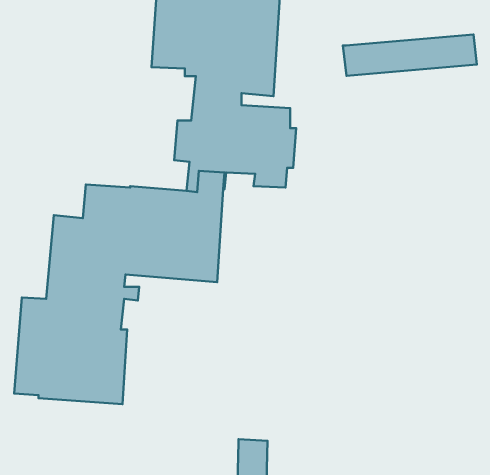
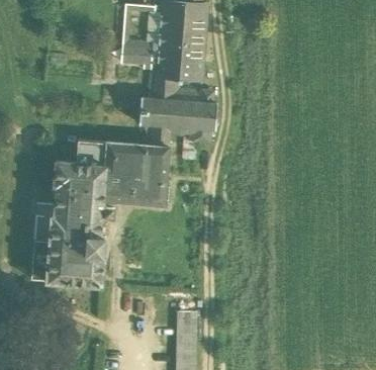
building: [343,34,477,76] -> none

